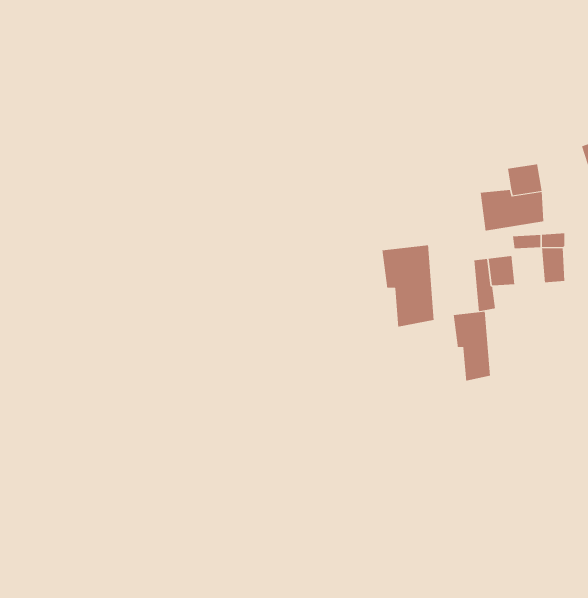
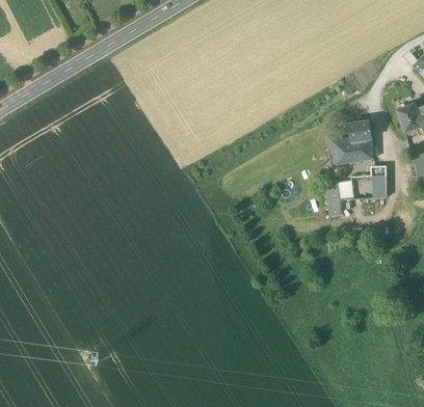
building: [382,245,434,327] -> none
building: [453,311,491,381] -> none

